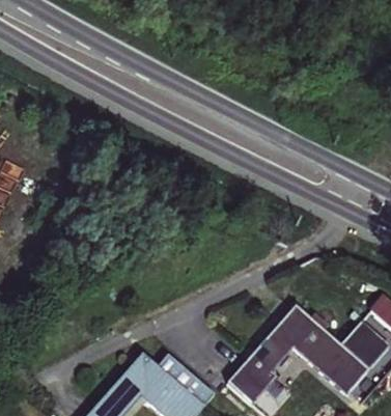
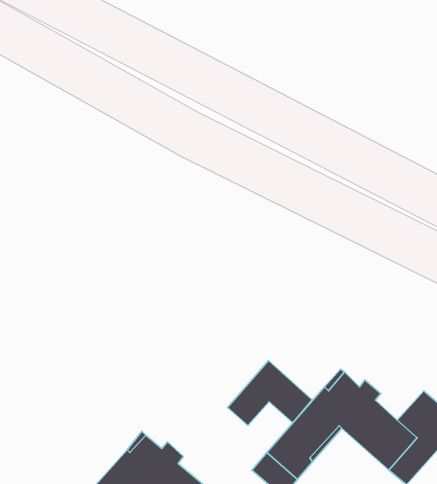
building: none -> [228,361,312,426]

